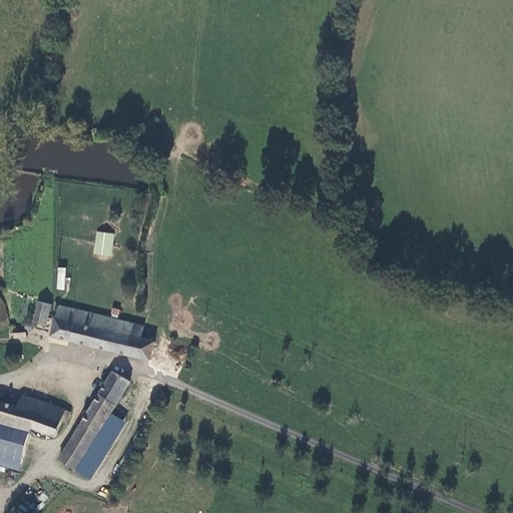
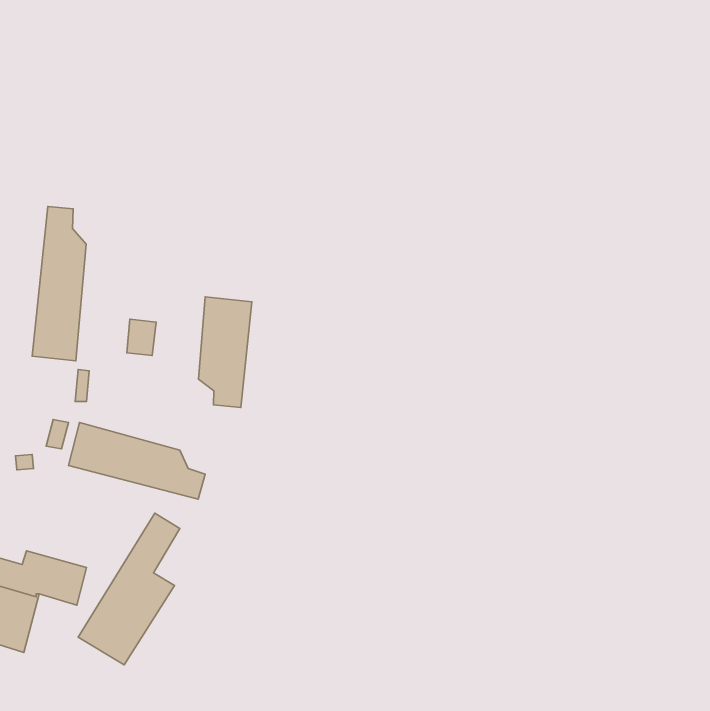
building: none -> [32,207,86,361]
building: none -> [199,297,252,407]

